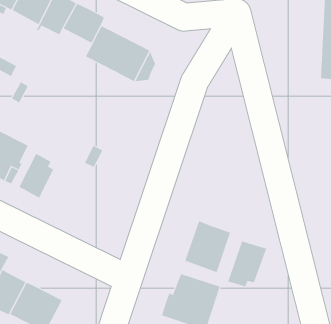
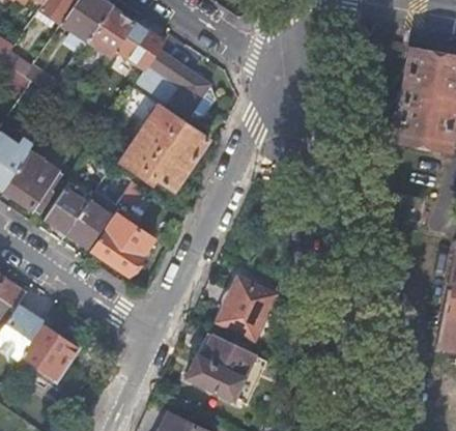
building: none -> [121,105,207,188]
building: none -> [67,191,116,247]
building: none -> [93,213,154,275]
building: [228,240,267,287] -> none

